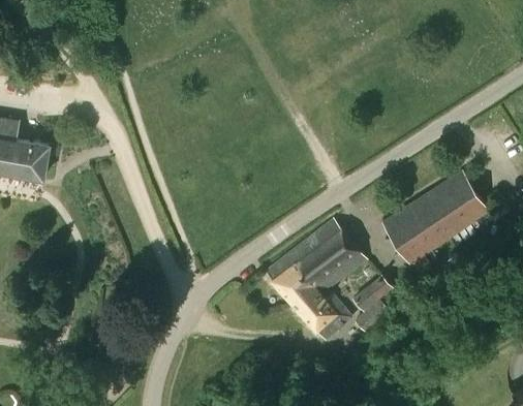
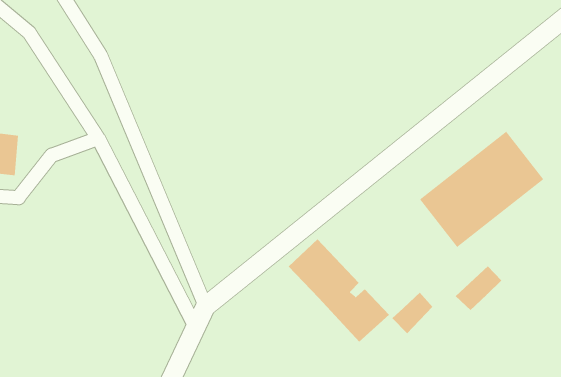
building: [294,220,364,290] -> none
building: [349,277,391,314] -> [455,266,502,311]

